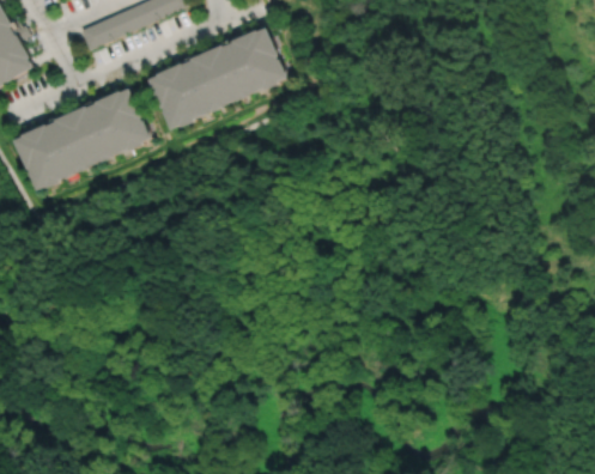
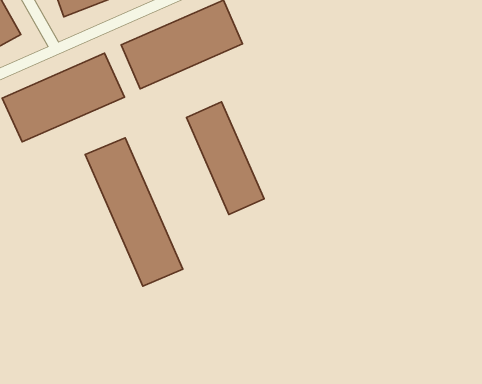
building: none -> [186,102,264,215]
building: none -> [85,138,183,286]

